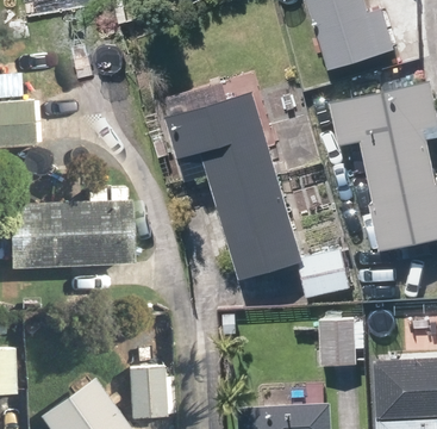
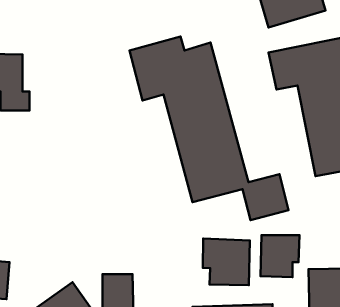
building: [13,184,131,267] -> none
building: none -> [203,238,250,285]

